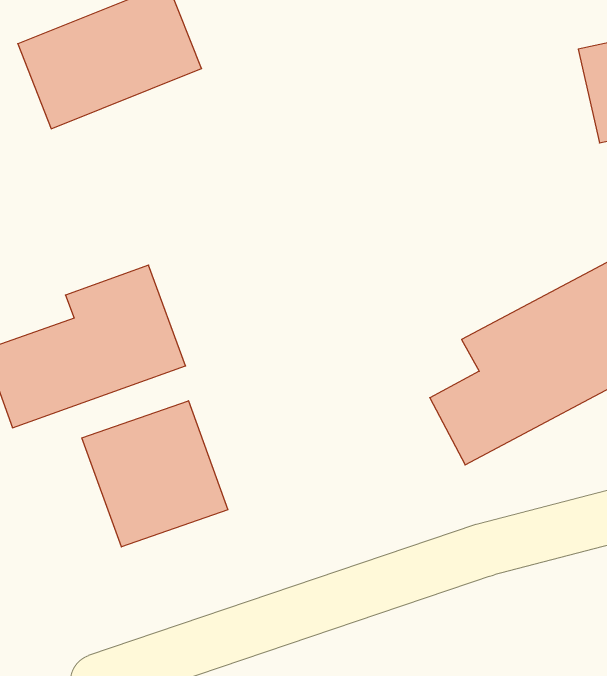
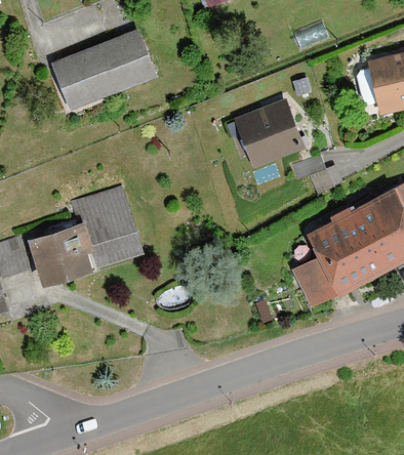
building: none -> [232,97,304,169]
building: [82,401,228,547] -> none

